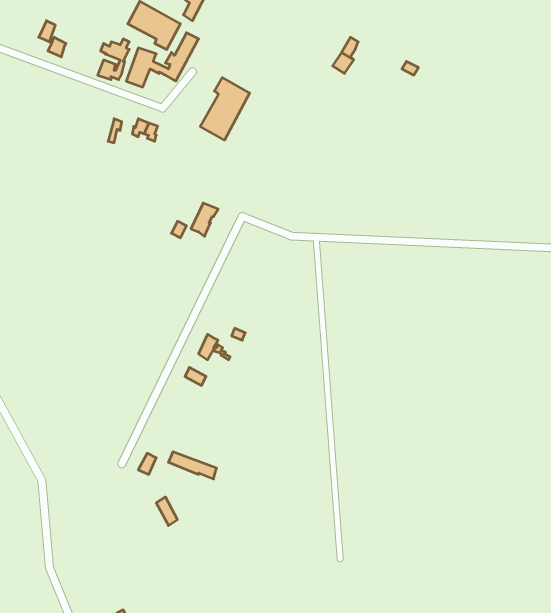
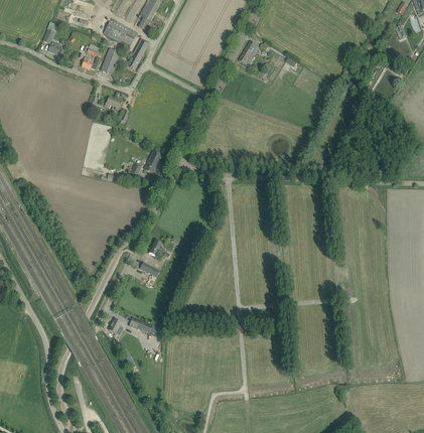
building: [200,78,250,140] -> none

